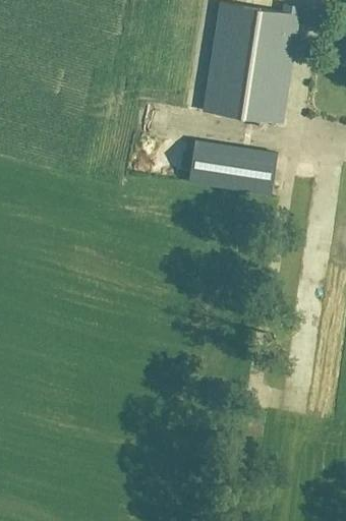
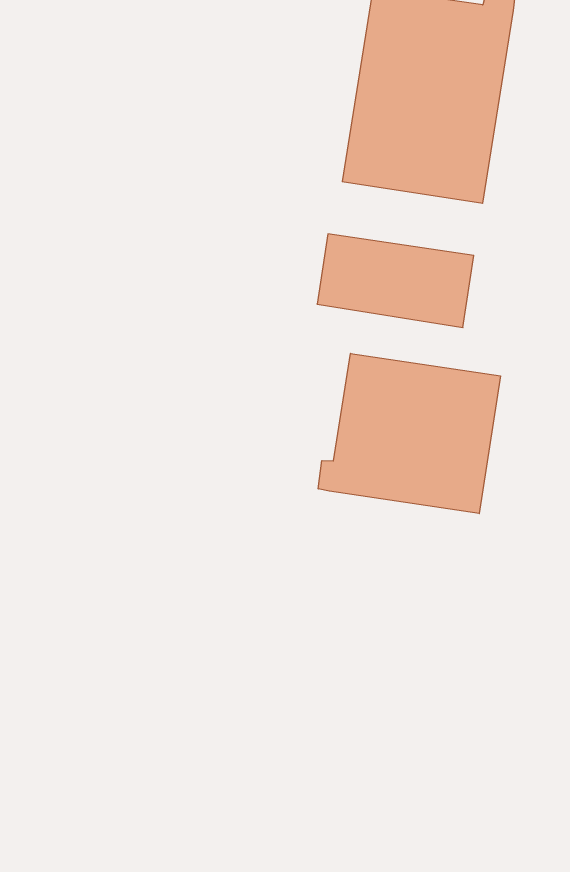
building: none -> [318,353,500,514]

